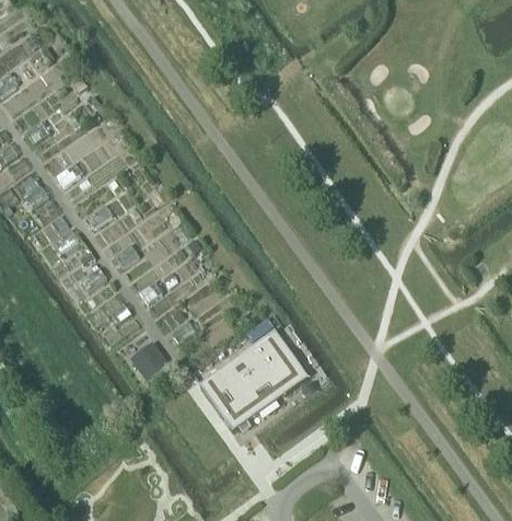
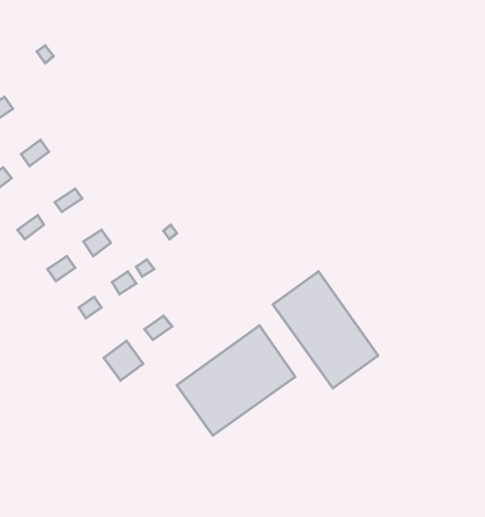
building: none -> [273,271,378,388]

